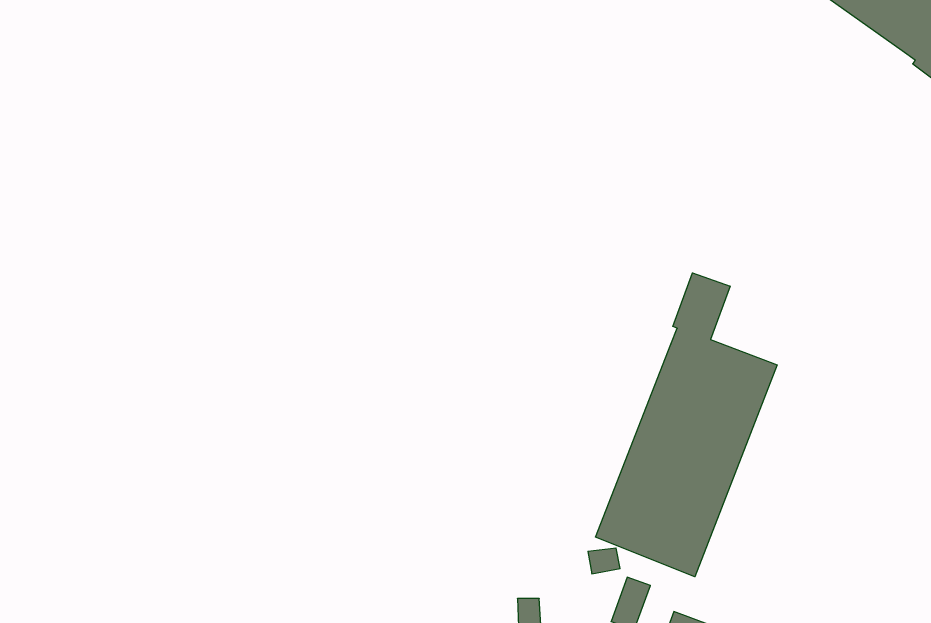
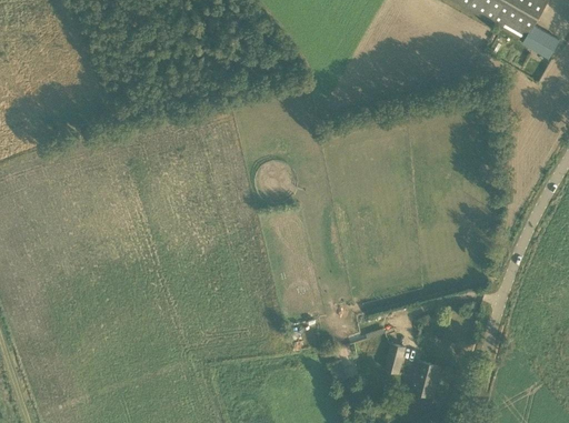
building: [595,273,777,577] -> none

